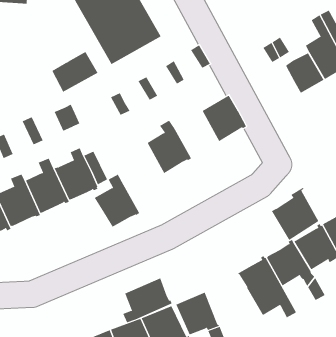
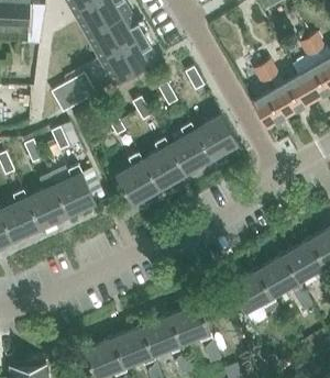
building: none -> [250,87,289,127]
building: none -> [168,123,212,175]
building: [94,174,140,228] -> [114,153,158,204]
building: [271,187,319,241] -> none
building: [123,277,172,323] -> none

